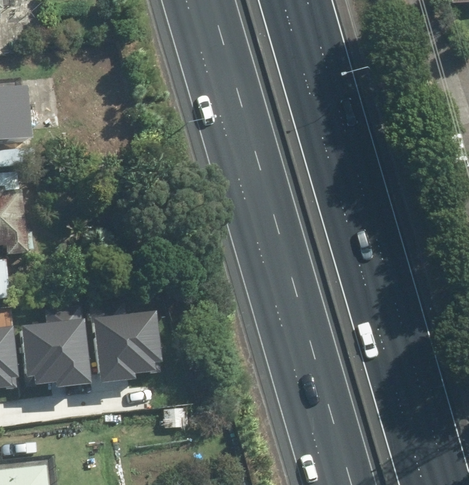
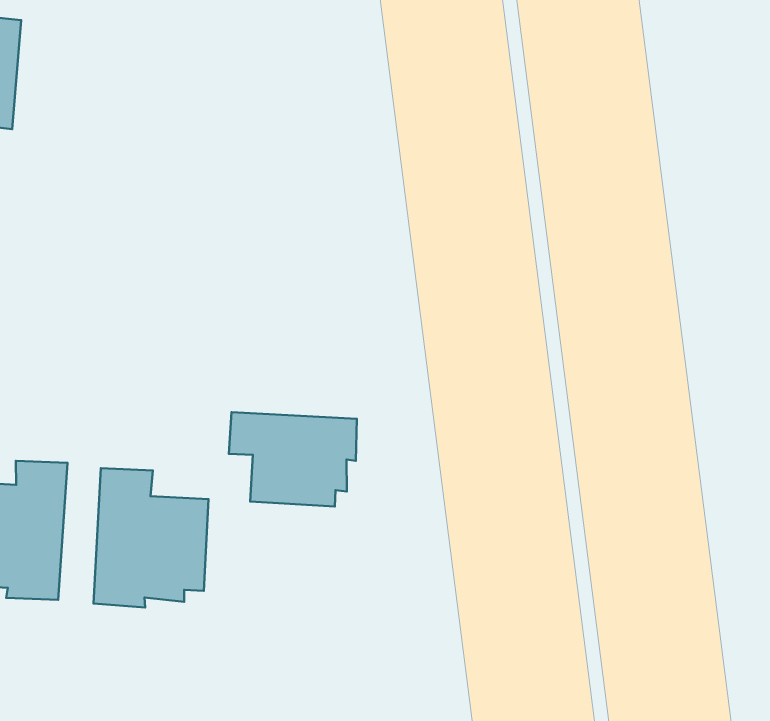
building: none -> [229,412,357,506]

